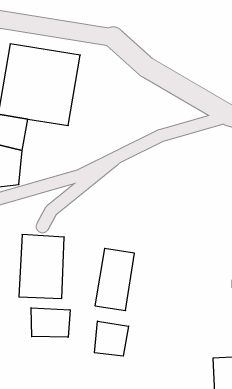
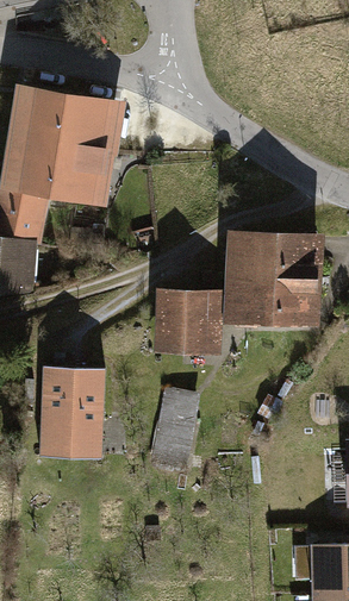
building: none -> [158,233,319,356]
building: [31,308,70,337] -> none
building: [94,321,129,356] -> none

